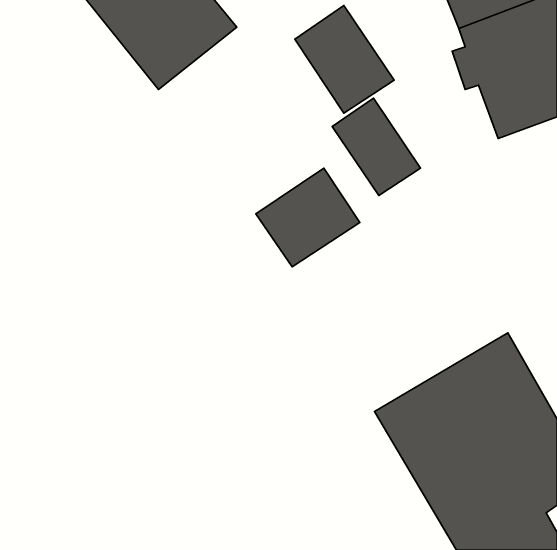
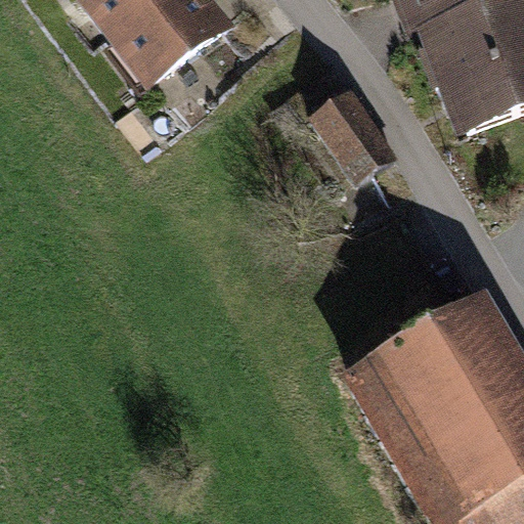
building: [295,5,394,113] -> none
building: [256,168,360,267] -> none

